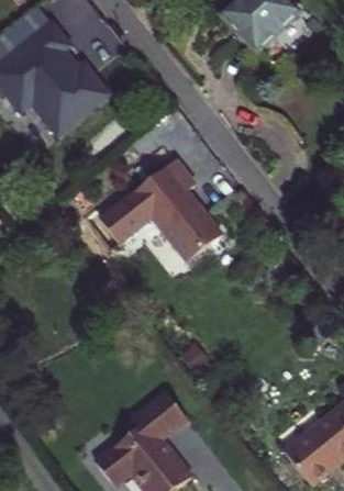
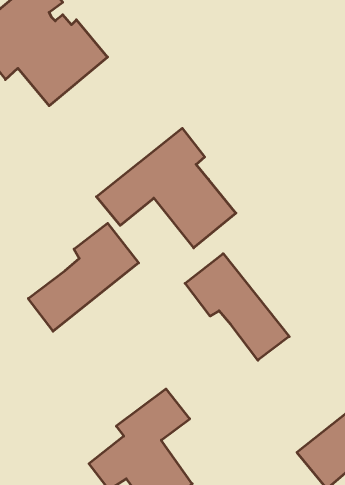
building: none -> [28,223,139,331]
building: none -> [185,254,289,360]

